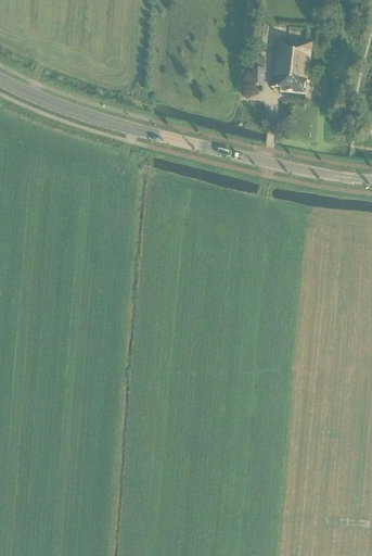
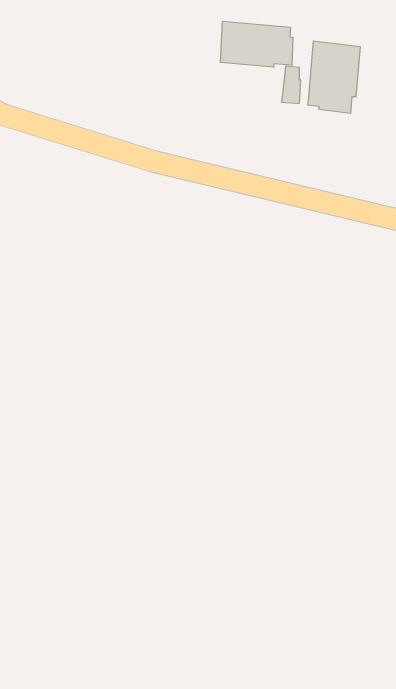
building: none -> [220,21,293,67]

